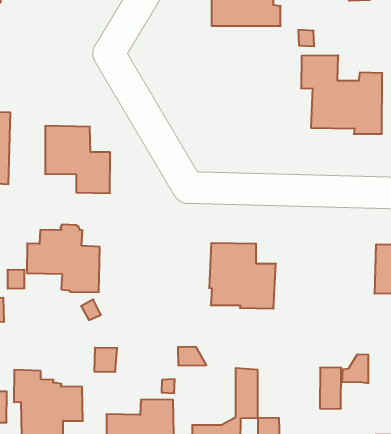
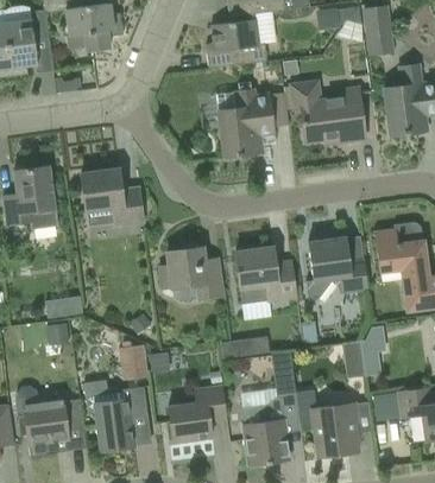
building: none -> [219,88,276,158]
building: [27,225,100,292] -> [158,243,225,300]
building: none -> [307,237,367,299]
building: none -> [119,345,149,380]

